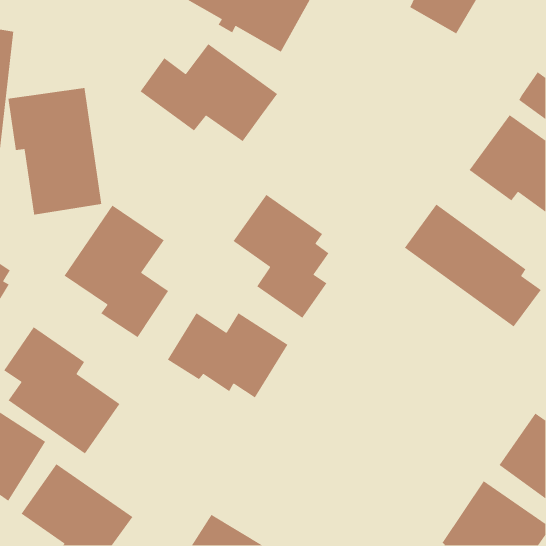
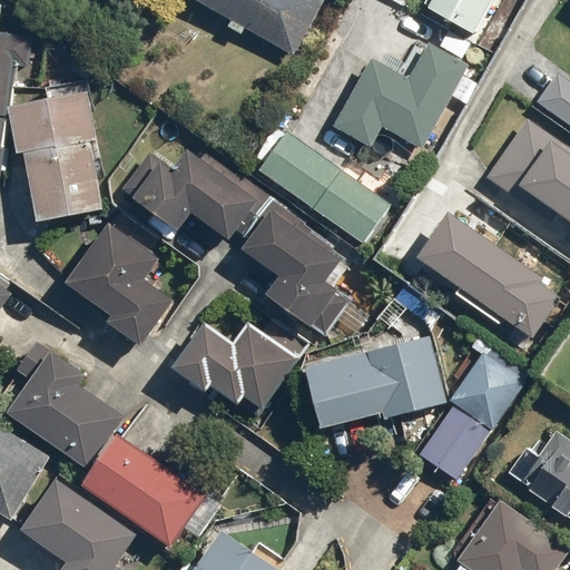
building: none -> [332,37,478,148]
building: [139,43,278,142] -> [121,139,265,242]
building: none -> [252,124,390,244]
building: none -> [304,335,445,431]
building: none -> [417,354,524,482]
building: none -> [81,434,205,547]

